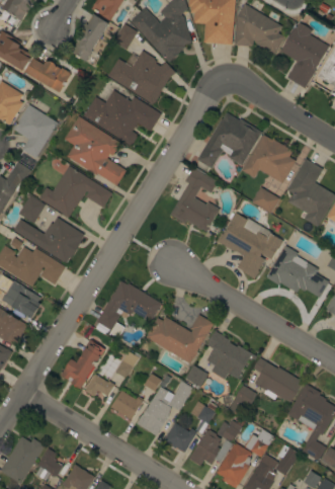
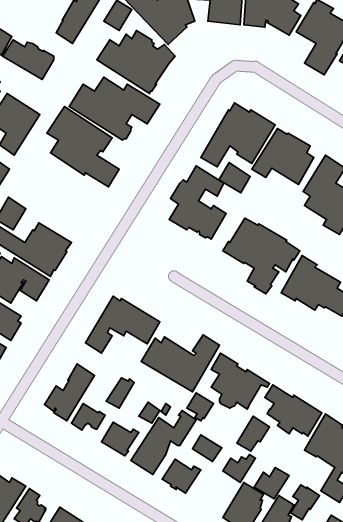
building: [39,165,112,217] -> none
building: [252,186,279,213] -> [219,162,250,193]
building: [189,429,233,465] -> none

